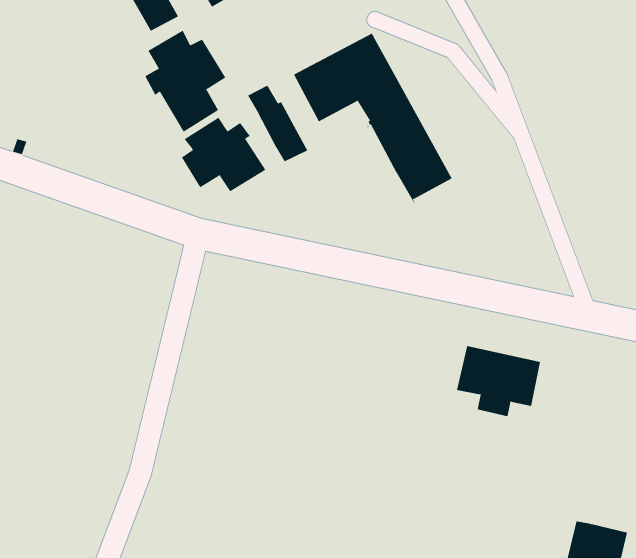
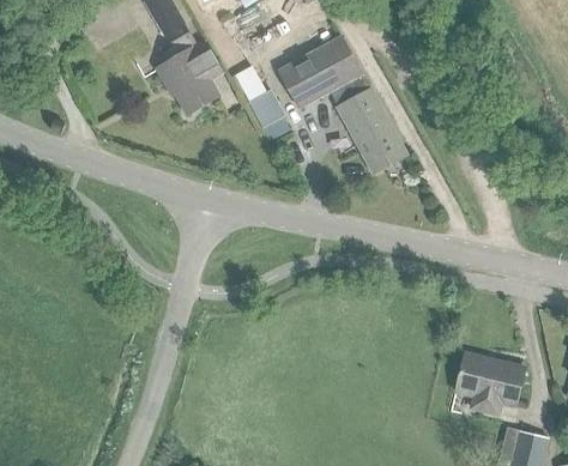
building: [181,117,266,192] -> none
building: [456,346,541,417] -> [457,353,525,411]

